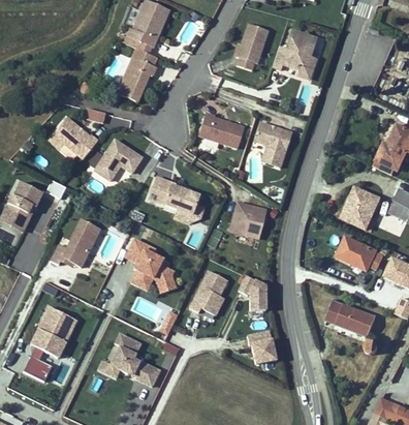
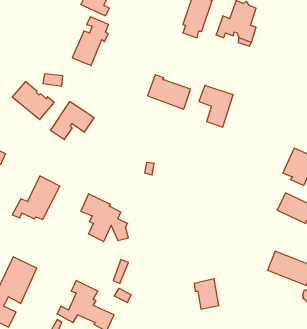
building: [147,176,197,213] -> none
building: [228,200,264,236] -> none
building: [189,271,227,315] -> none
building: [240,275,264,318] -> none

